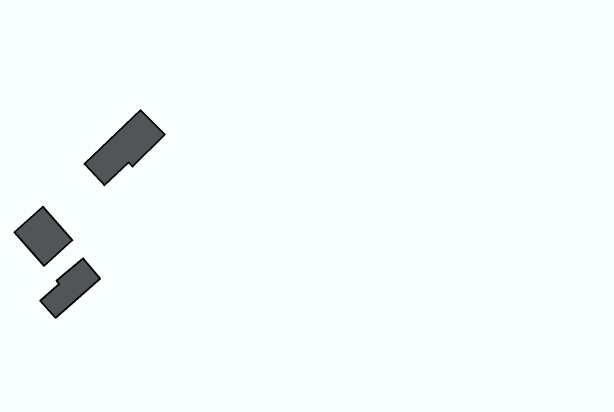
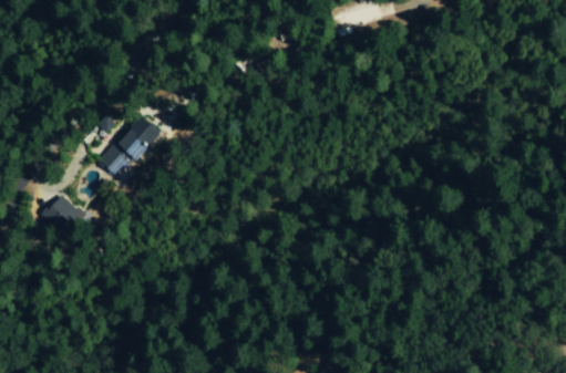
building: [40,258,100,318] -> none

